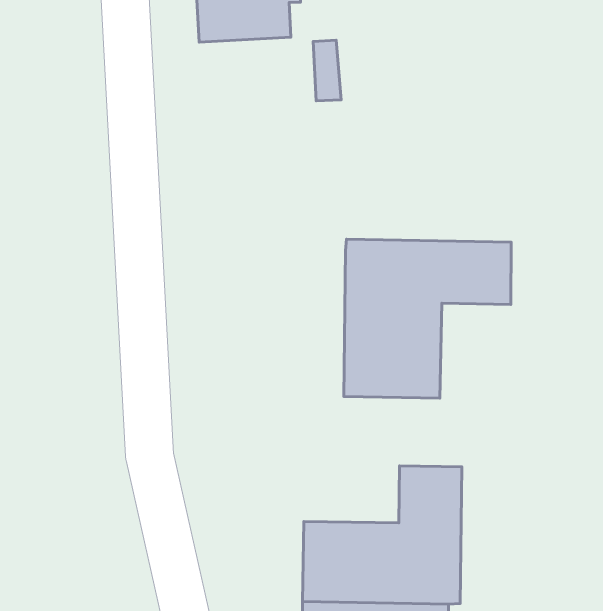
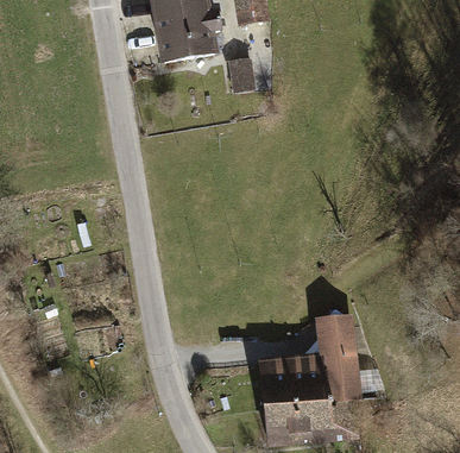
building: [344,239,511,398] -> none

